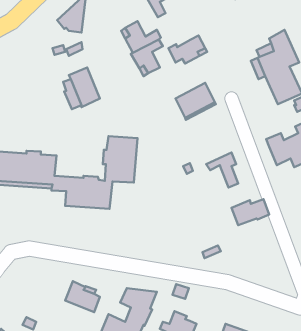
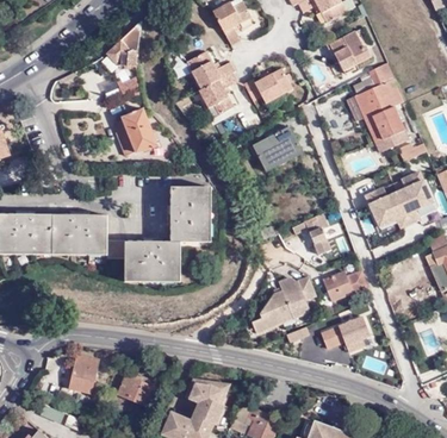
building: none -> [328,31,371,71]
building: none -> [252,276,317,334]
building: none -> [319,315,370,352]
building: none -> [68,353,99,394]

